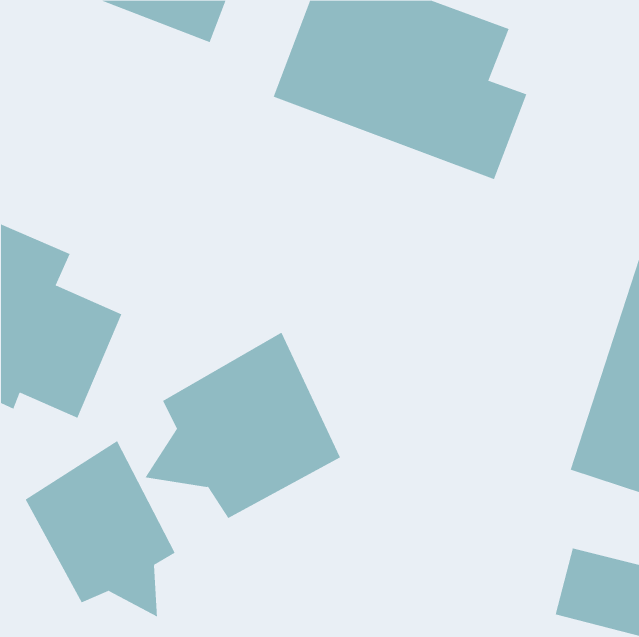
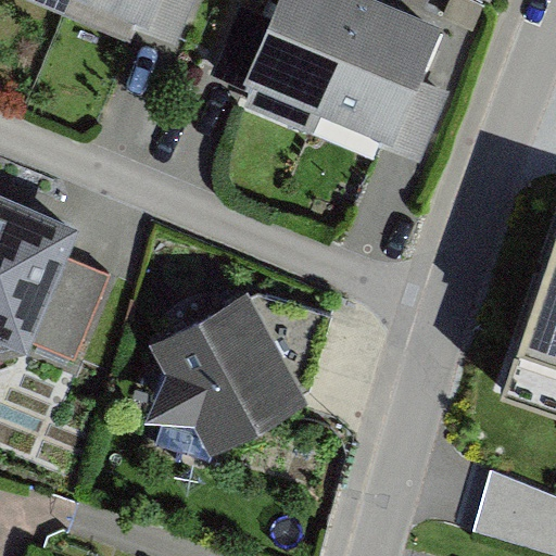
building: [25,440,175,617] -> none

